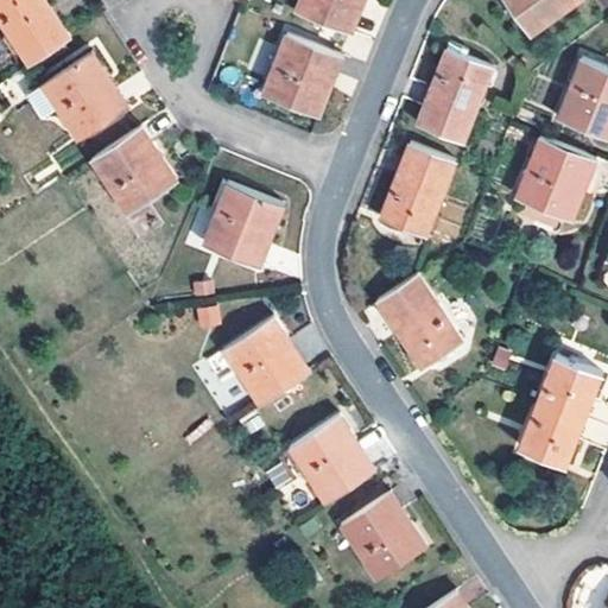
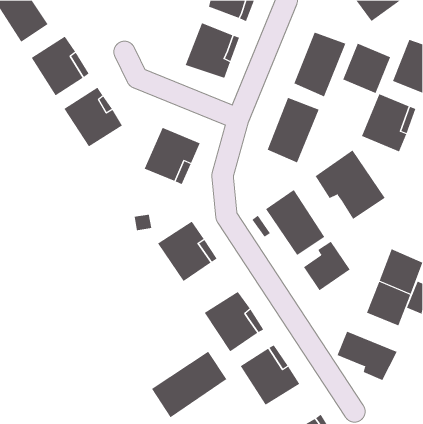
building: none -> [343,43,391,94]
building: none -> [315,149,386,220]
building: none -> [303,241,351,291]
building: none -> [337,331,397,381]
building: none -> [151,351,227,418]

